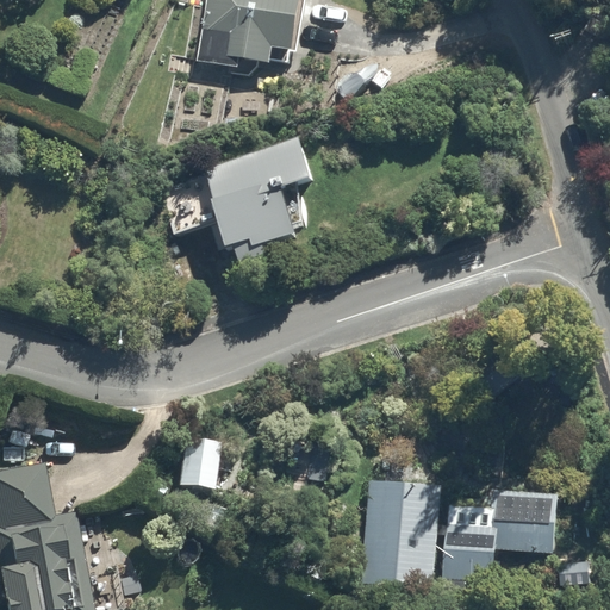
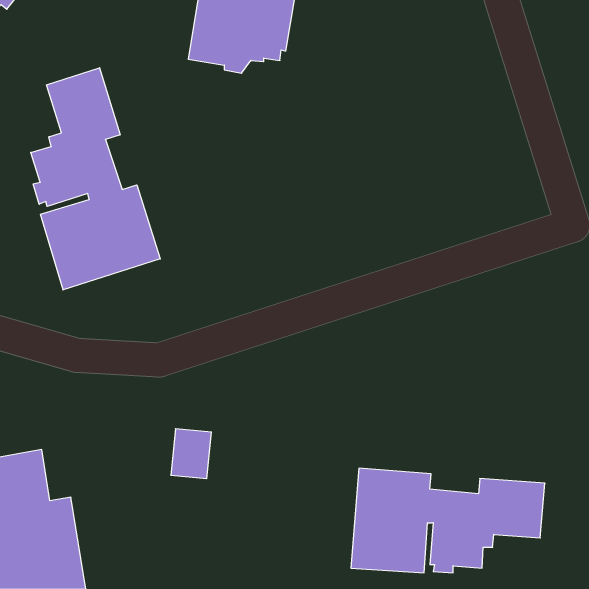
building: none -> [31,68,160,290]
building: [158,136,316,264] -> none

